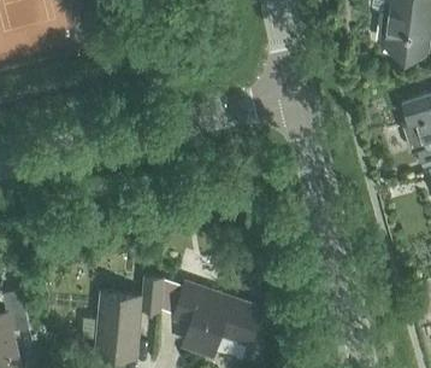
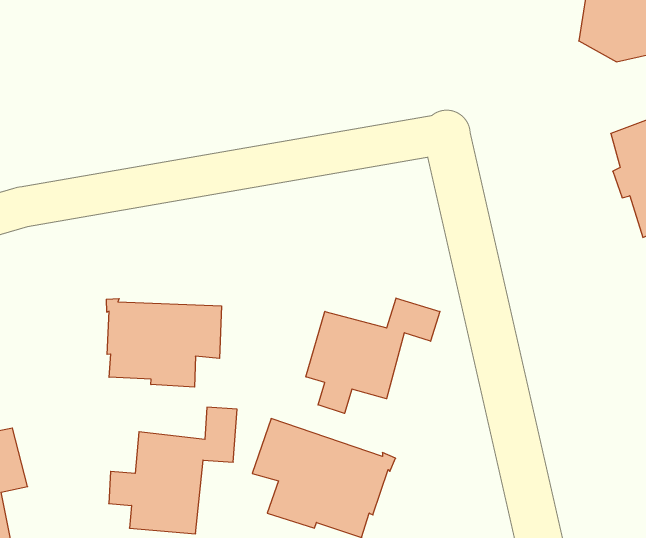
building: none -> [306,298,440,413]
building: none -> [106,299,221,387]

